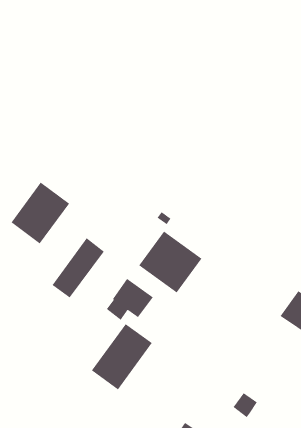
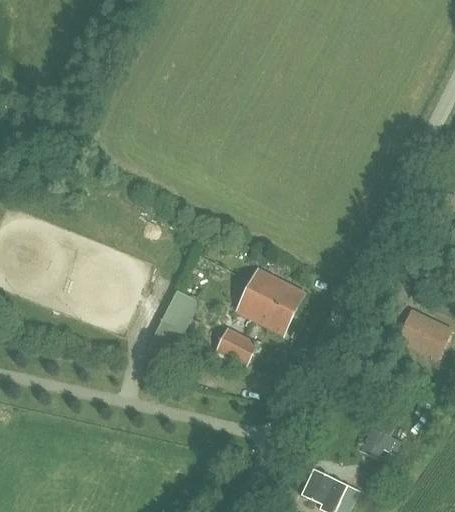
building: [10,182,70,244] -> none
building: [91,323,153,390] -> none

